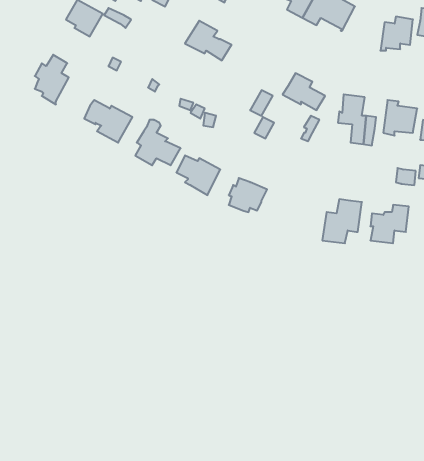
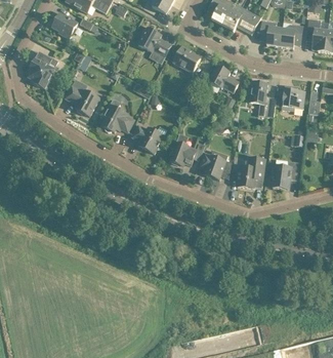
building: none -> [259,21,282,49]
building: none -> [172,46,200,73]
building: none -> [199,153,227,180]

